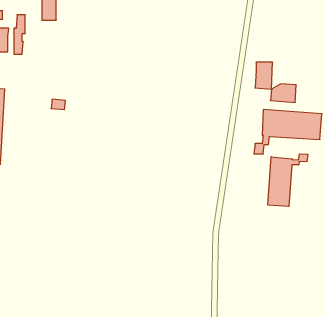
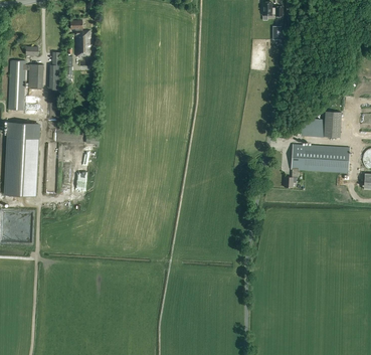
building: [255,62,273,89] -> [323,112,340,138]
building: [268,154,308,206] -> none

